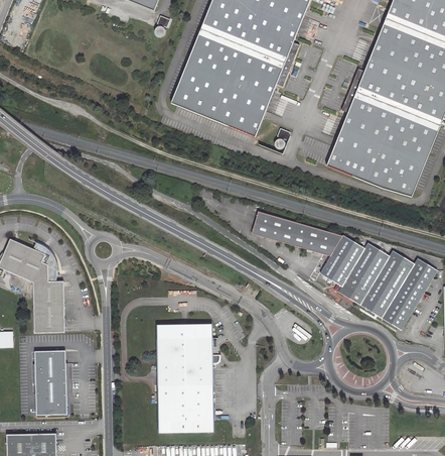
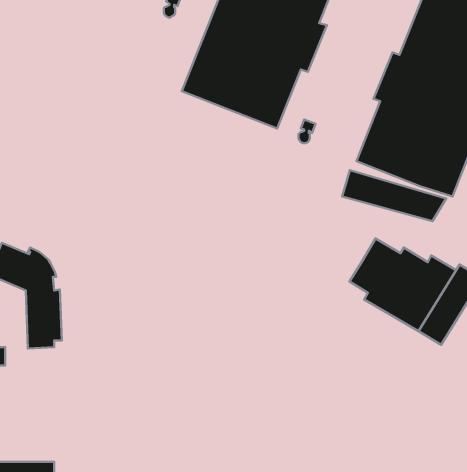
building: [250,209,342,254] -> [342,170,446,221]
building: [158,323,216,432] -> none
building: [34,350,68,415] -> none

